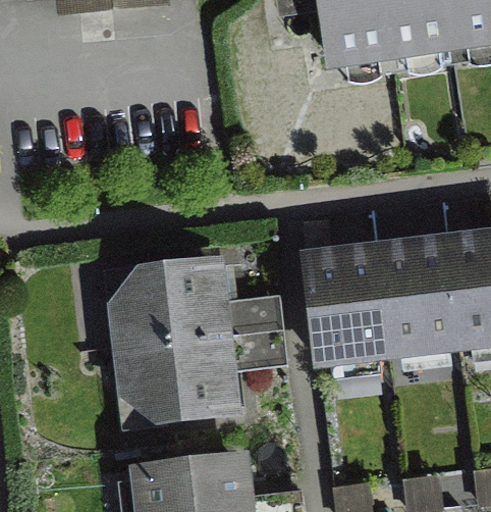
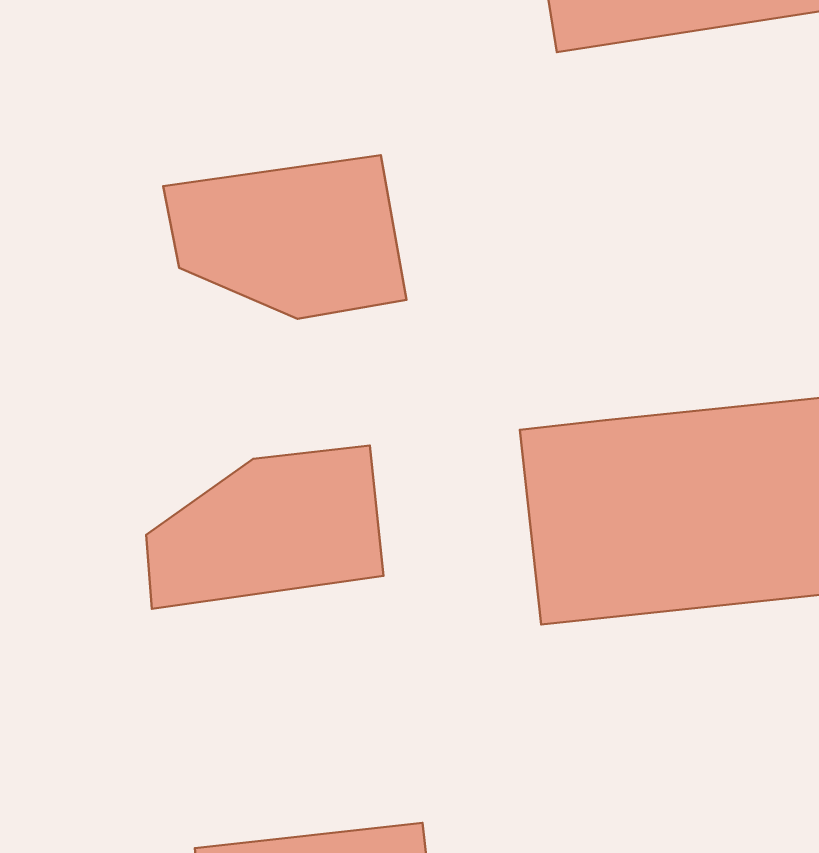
building: none -> [163,155,406,319]
building: [111,326,243,425] -> none

